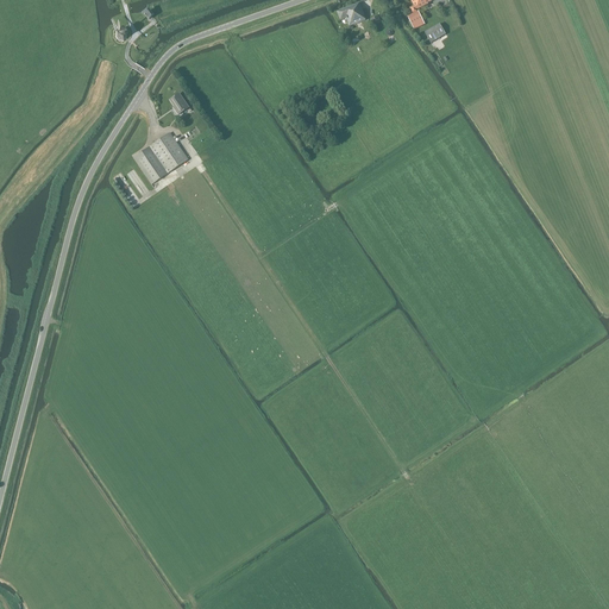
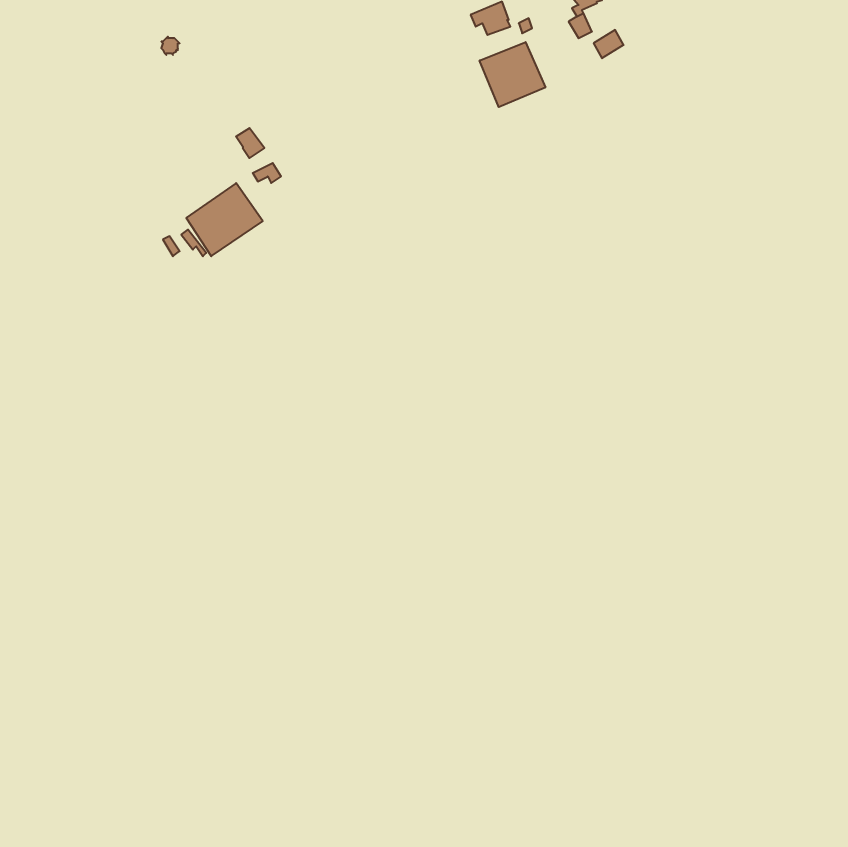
building: none -> [480,42,545,107]

